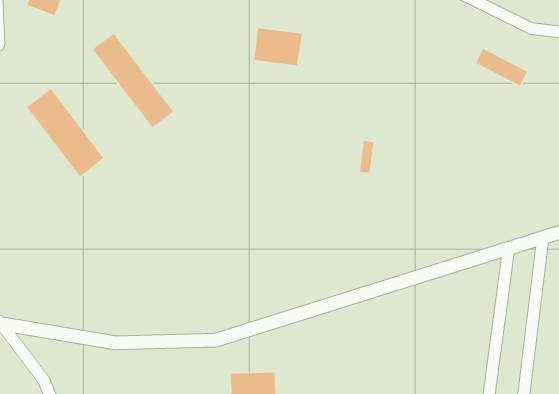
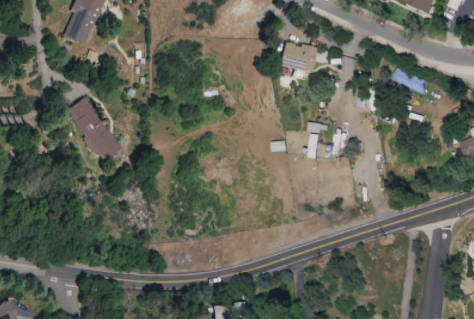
building: [253,28,303,66] -> [281,42,317,70]
building: [92,33,174,128] -> none

